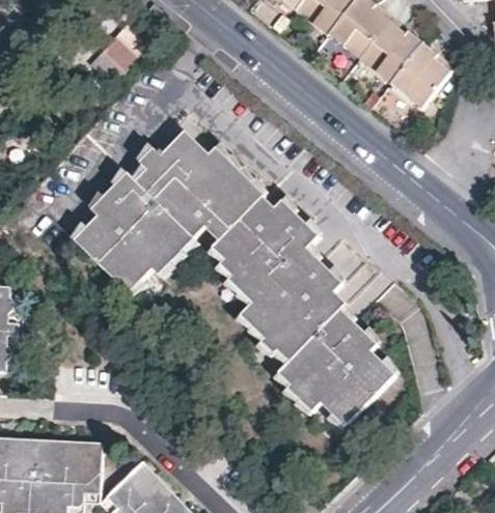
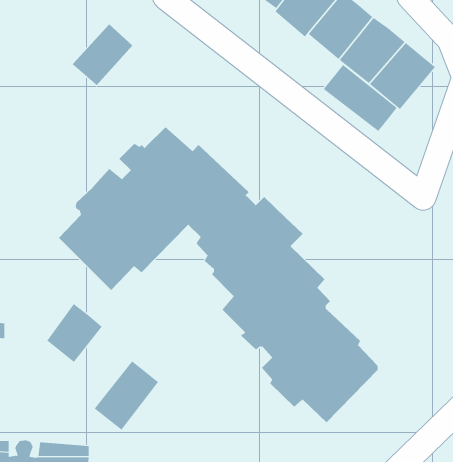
building: none -> [323,64,398,132]
building: none -> [46,303,102,363]
building: none -> [94,361,159,431]

